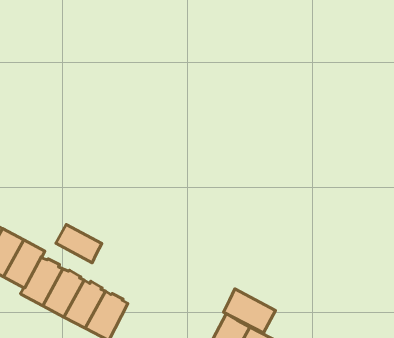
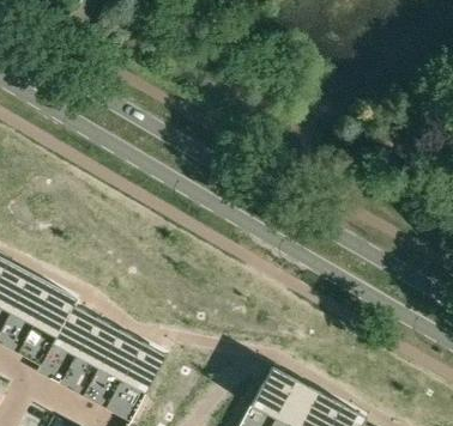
building: [56,224,102,263] -> none
building: [223,289,275,333] -> none

